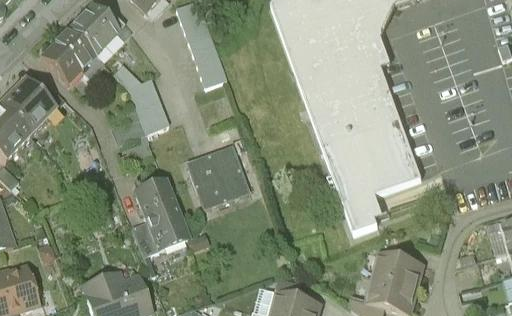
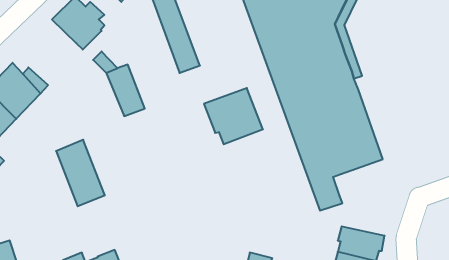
building: [41,29,94,82] -> none
building: [182,146,245,206] -> [204,88,263,144]
building: [134,180,186,251] -> [56,140,105,206]

